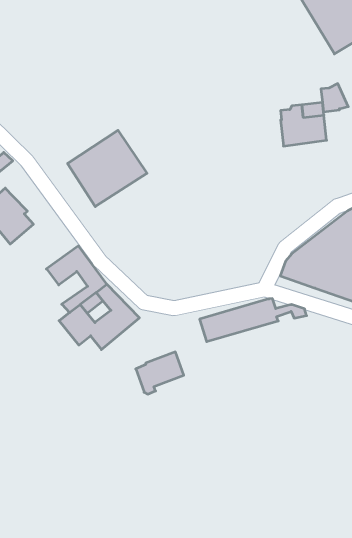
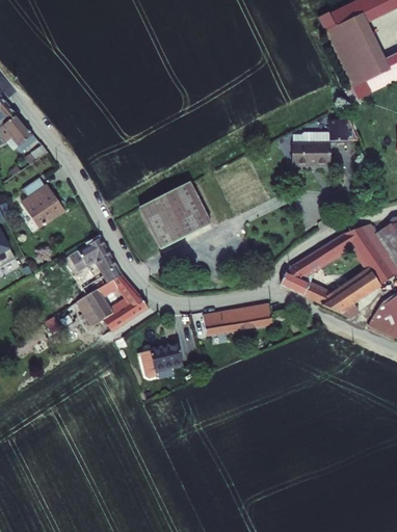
building: [68,130,147,207] -> [141,181,212,247]

